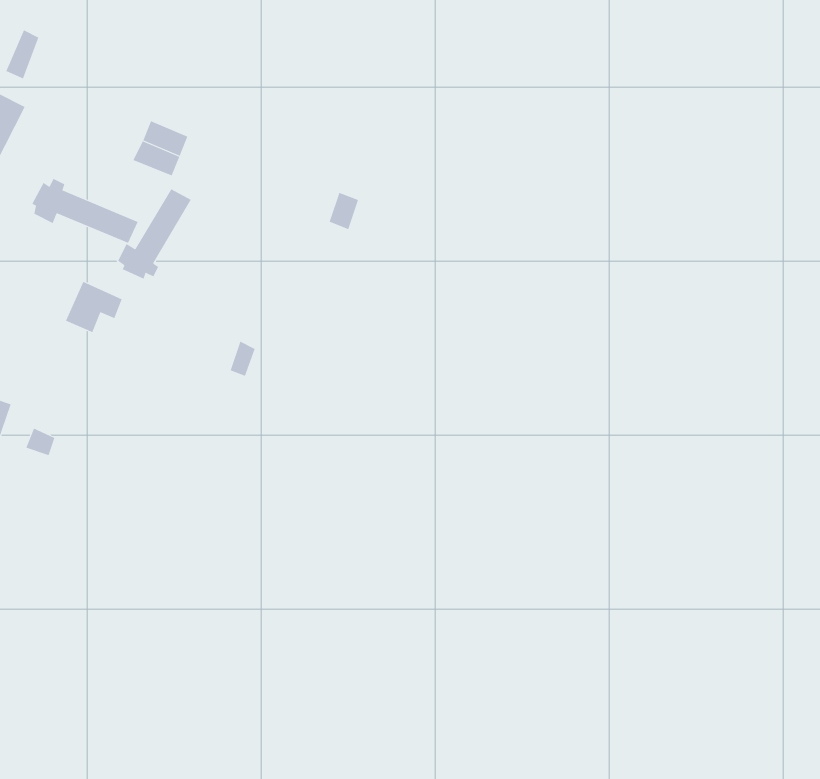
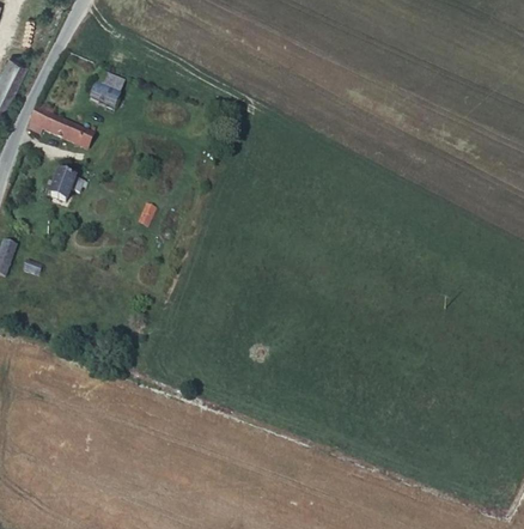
building: [117,188,192,280] -> none

